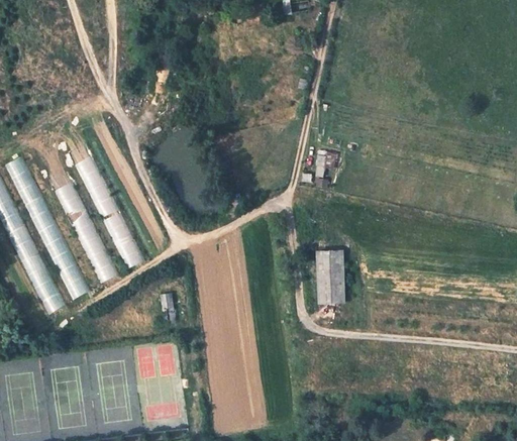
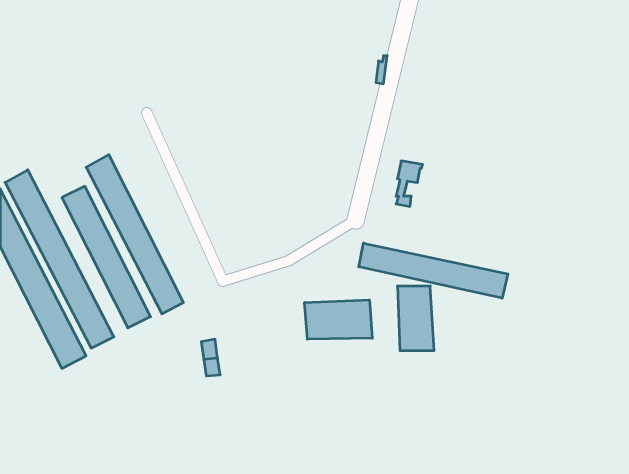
building: none -> [359,243,508,298]
building: none -> [305,300,372,339]

